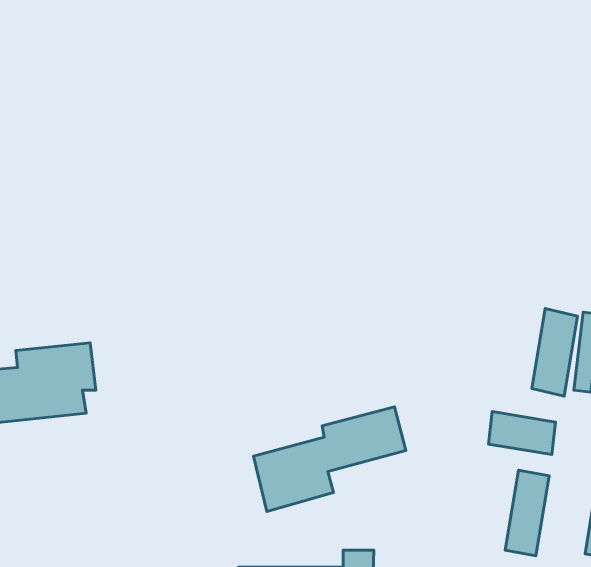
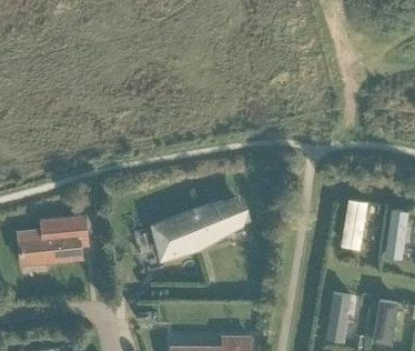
building: [254,407,406,511] -> [153,198,242,259]
building: [489,412,556,455] -> none

